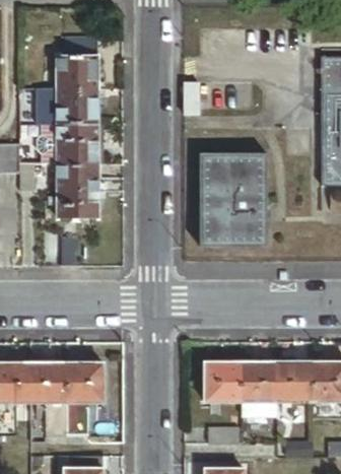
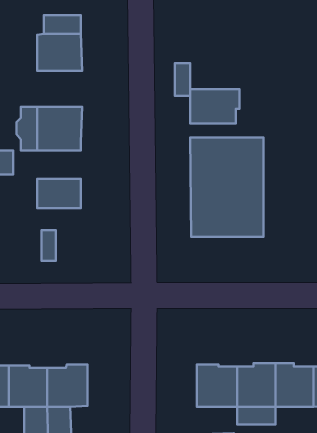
building: [57,89,98,123] -> none
building: none -> [190,89,240,123]
building: [57,163,97,190] -> none

